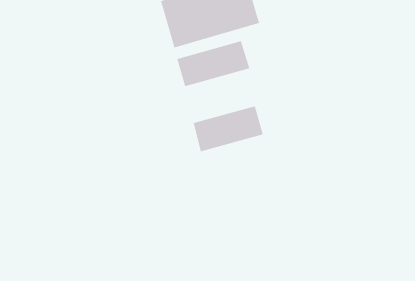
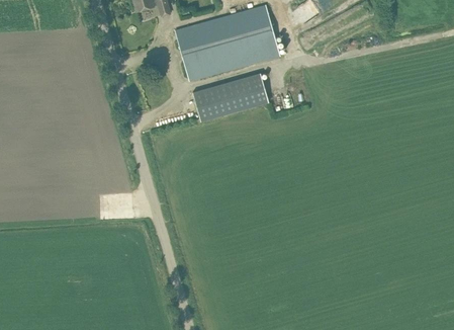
building: [193,105,263,152] -> none

